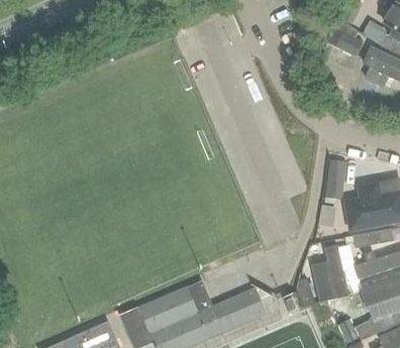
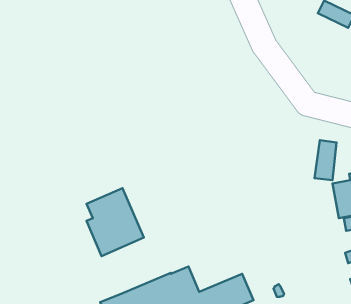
building: none -> [87,188,144,256]
building: [311,246,344,297] -> none

